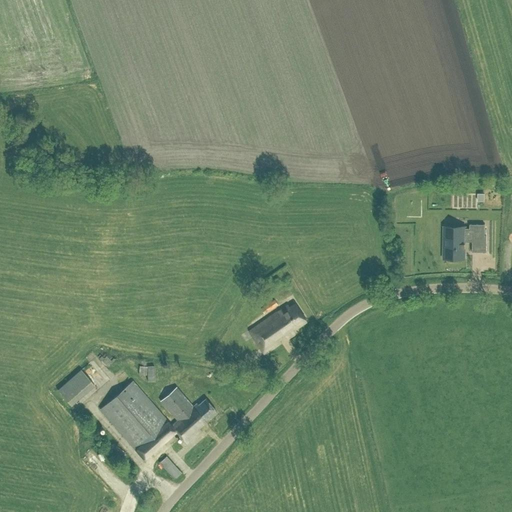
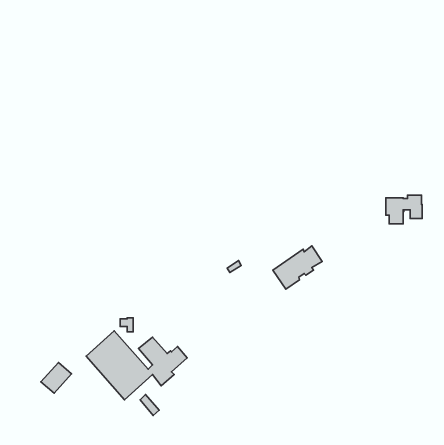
building: [249,303,306,353] -> [273,246,322,289]
building: [59,366,94,401] -> [41,363,71,393]

